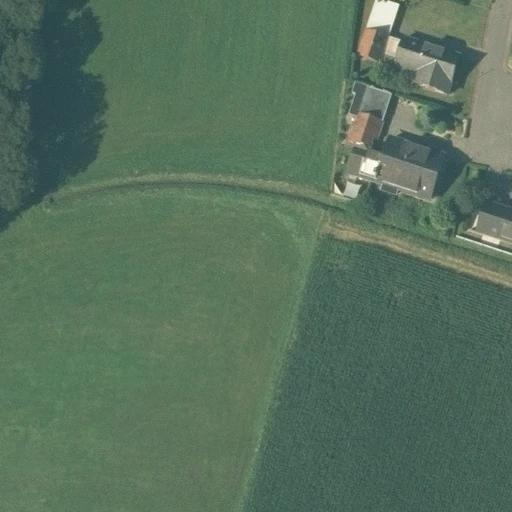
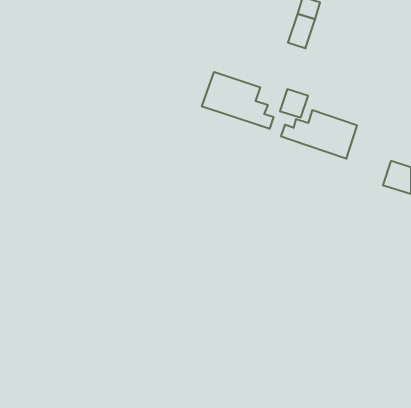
building: [394,36,460,93] -> none
building: [357,84,391,119] -> none
building: none -> [202,72,273,129]

